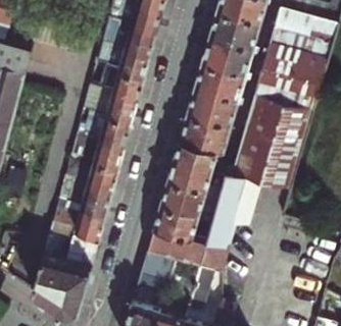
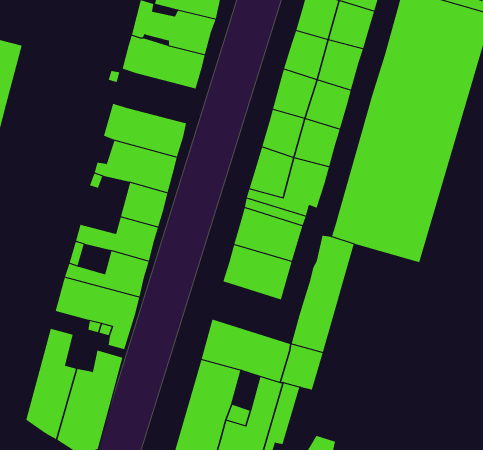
building: [99,67,144,100] -> none
building: [154,204,200,240] -> none

